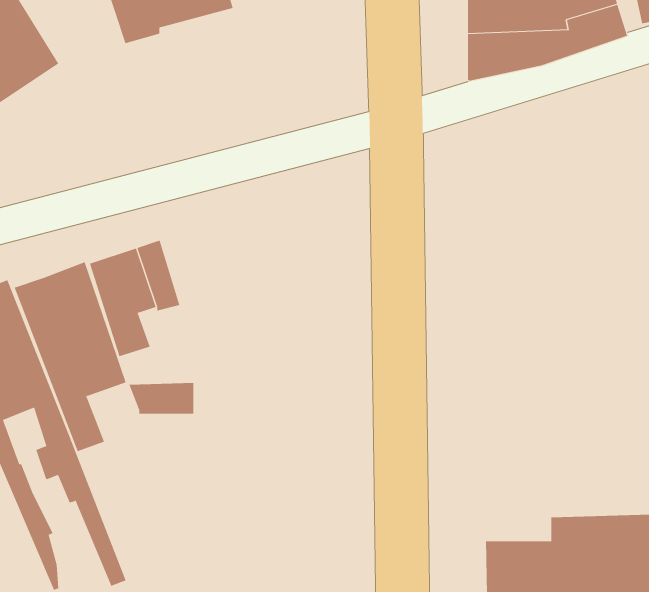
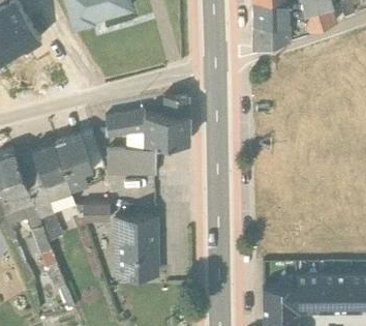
building: none -> [101,96,189,176]
building: none -> [114,217,157,274]

